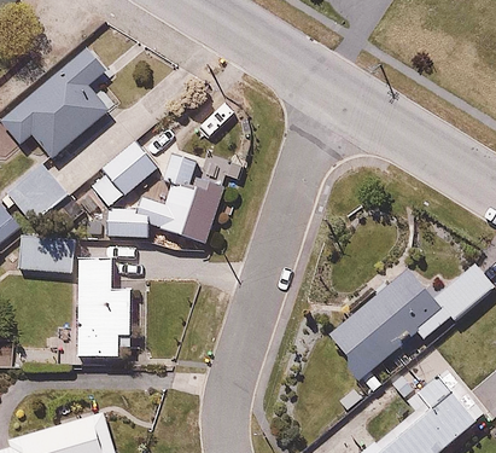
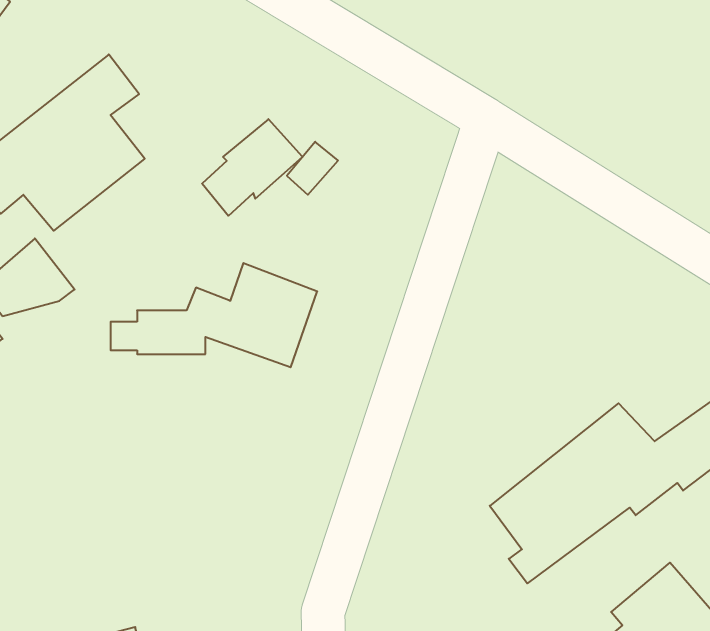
building: [88,145,152,207] -> [202,119,303,216]
building: [74,252,130,360] -> none

